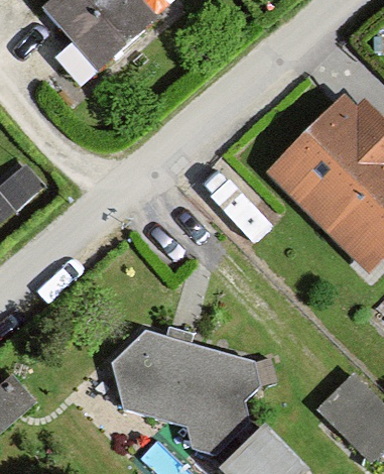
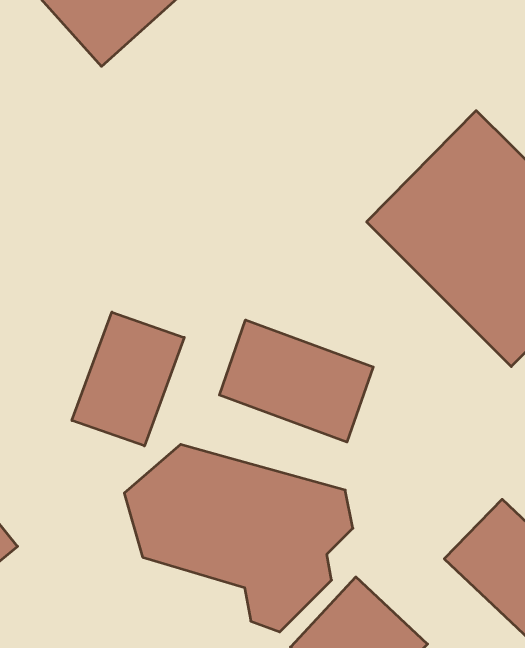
building: none -> [72,312,184,446]
building: none -> [219,320,373,442]

